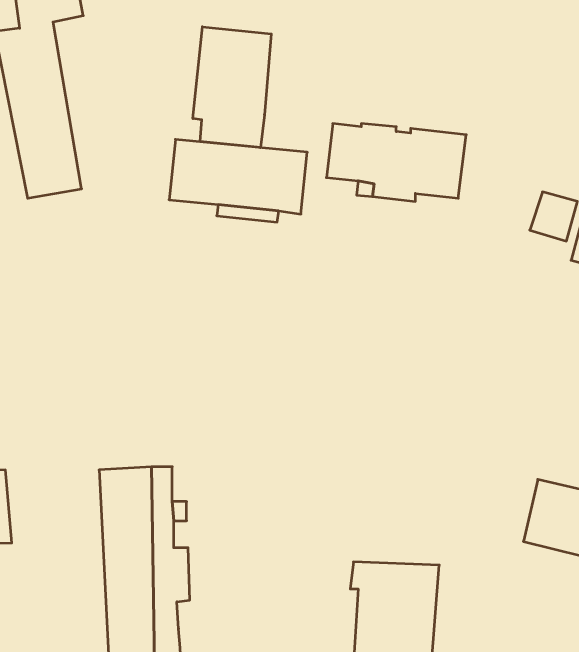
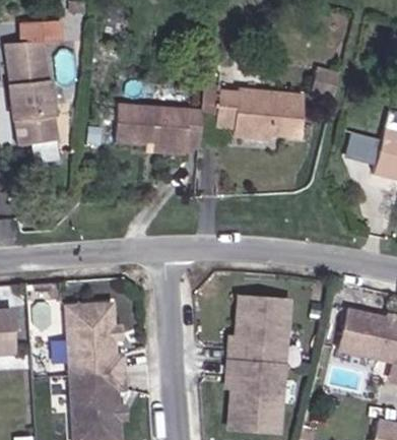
building: [193,27,271,148] -> none
building: none -> [231,301,290,368]

